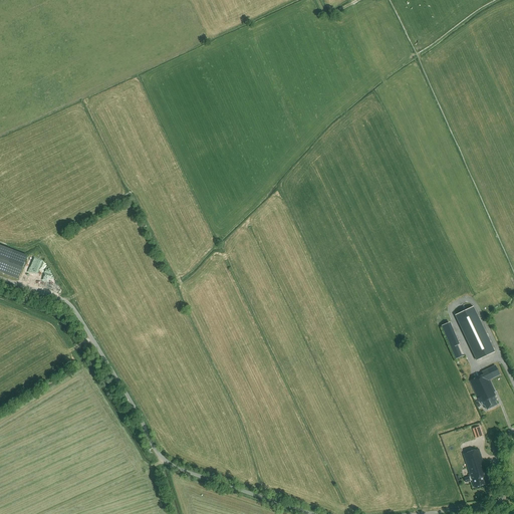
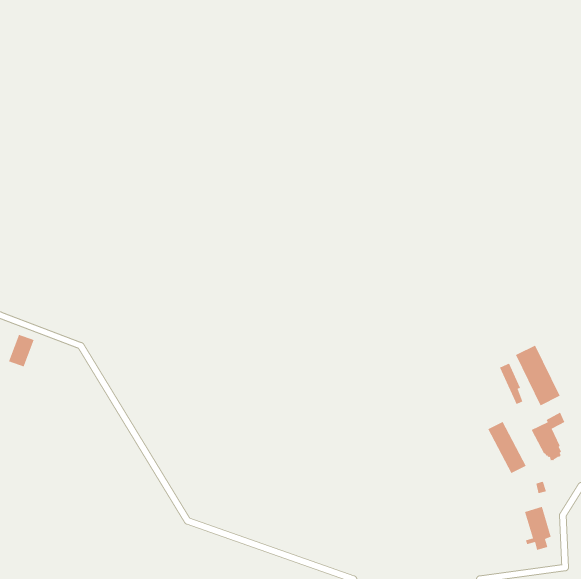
building: [5,248,28,277] -> [8,334,34,367]
building: none -> [487,421,526,474]

